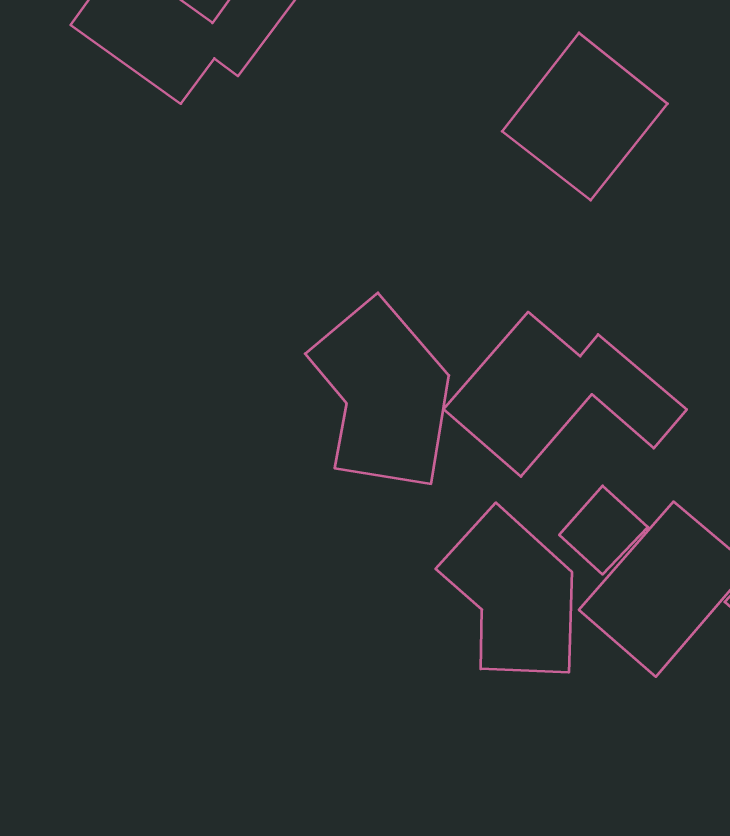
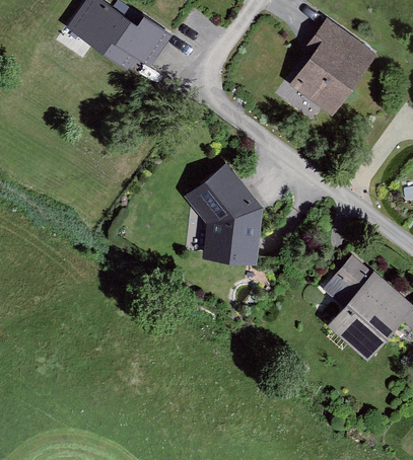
building: [443,312,687,477] -> none
building: [436,503,572,672] -> none

